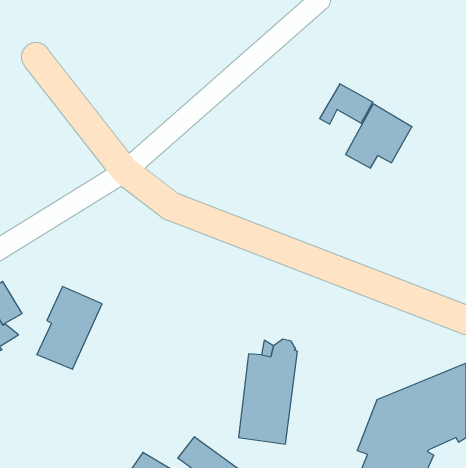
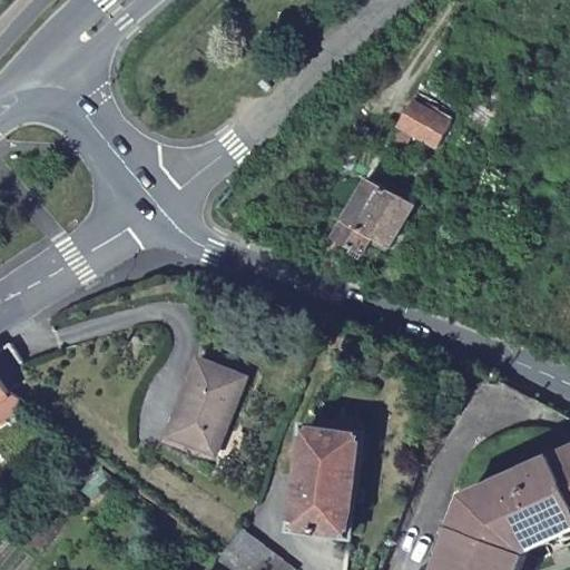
building: [346,104,412,168] -> [334,180,414,258]
building: [37,287,102,369] -> [168,356,247,456]

